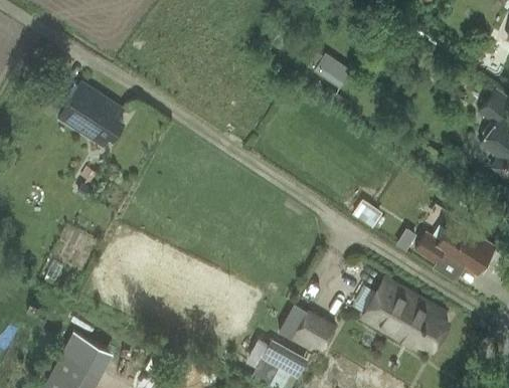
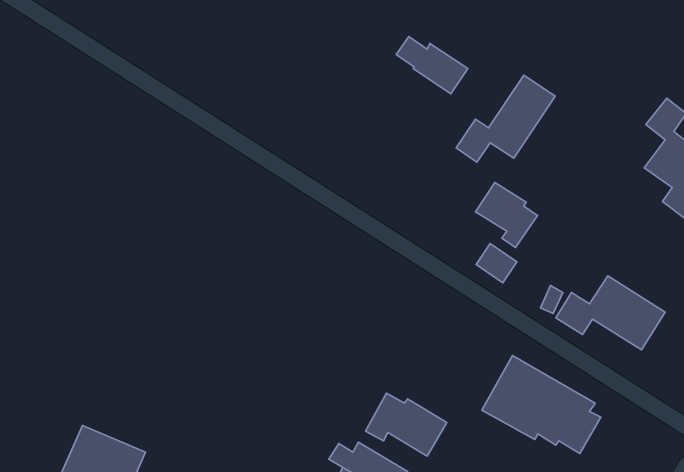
building: none -> [456,75,555,162]
building: [45,83,122,145] -> none
building: none -> [476,183,537,248]

